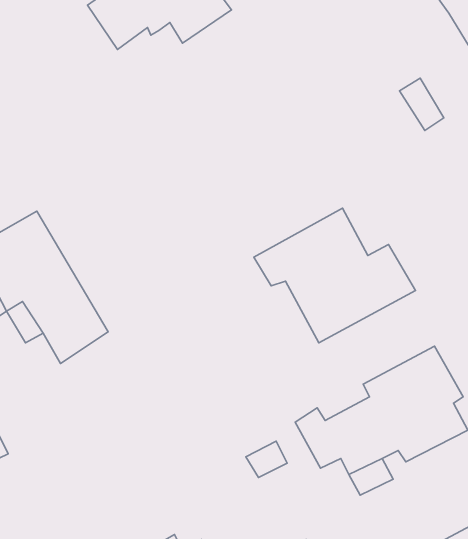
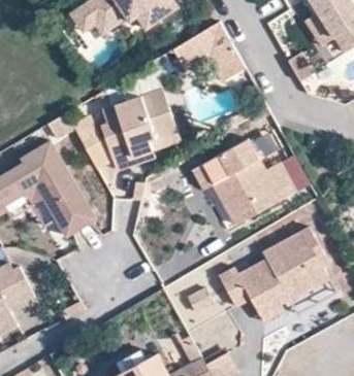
building: none -> [173,23,243,79]
building: none -> [76,89,180,171]

